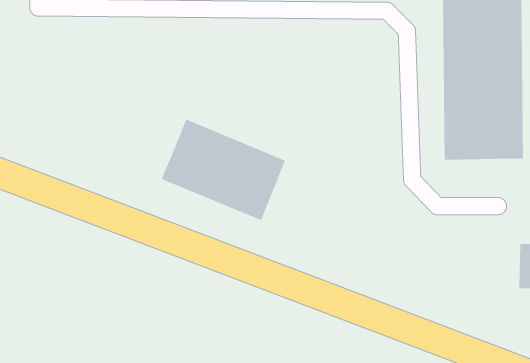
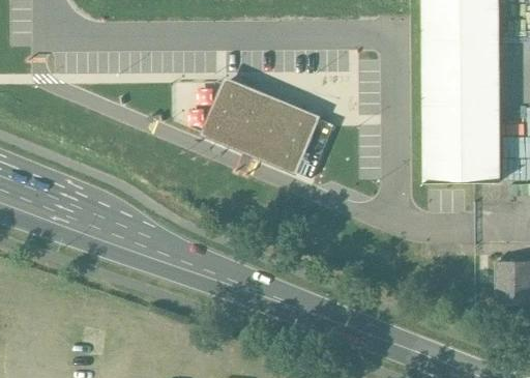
building: [161,119,286,221] -> [201,77,319,173]

